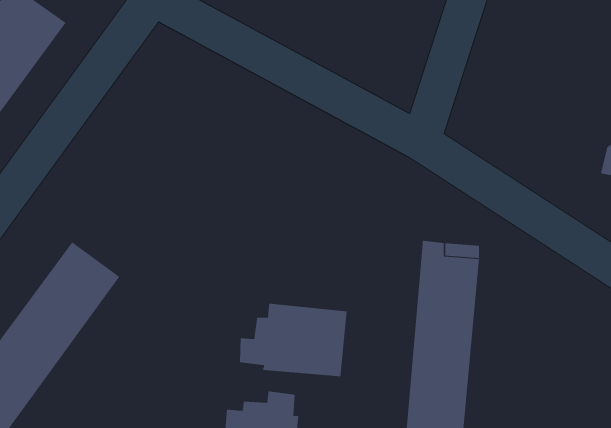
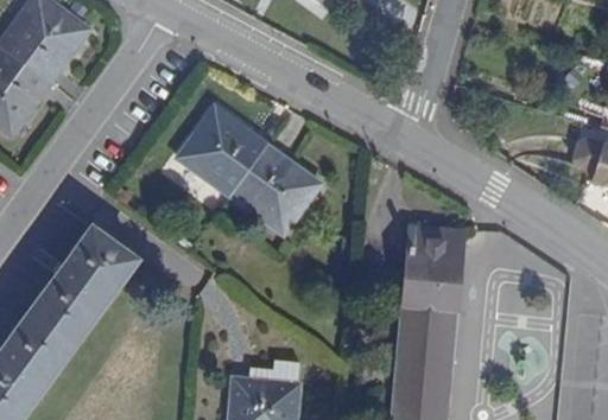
building: none -> [178,106,318,233]
building: [240,303,347,377] -> none

